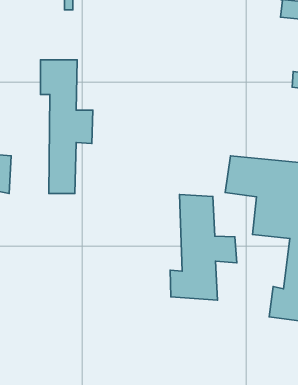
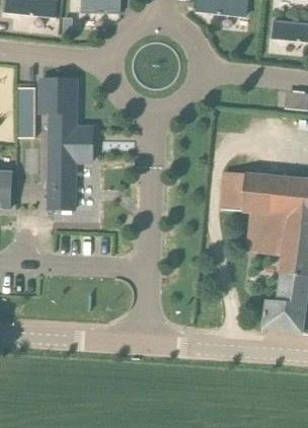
building: none -> [19,86,35,137]
building: [170,194,237,300] -> none

